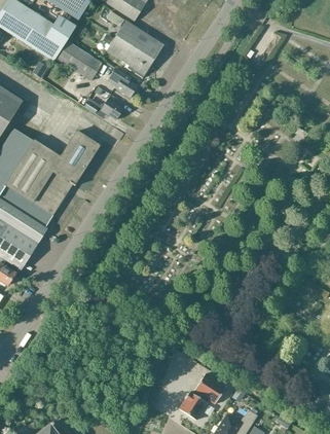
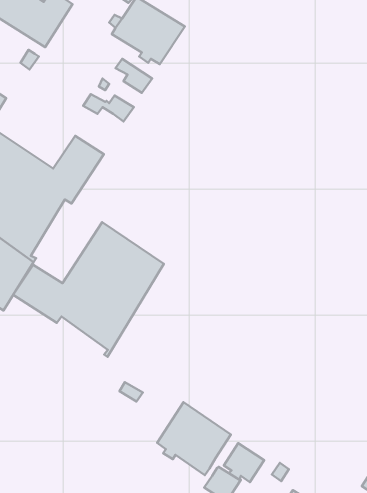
building: [57,41,102,80] -> none
building: none -> [13,222,164,357]
building: none -> [157,402,231,475]

